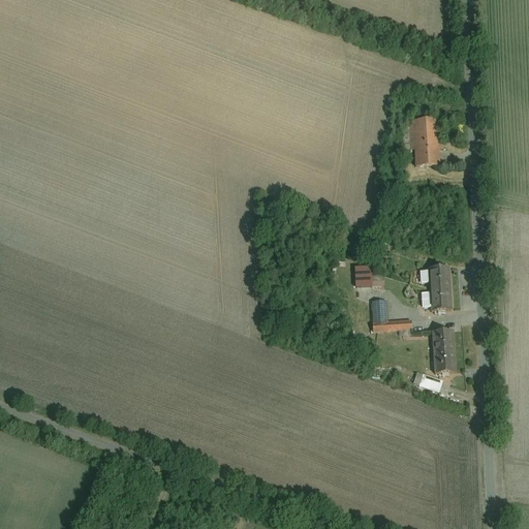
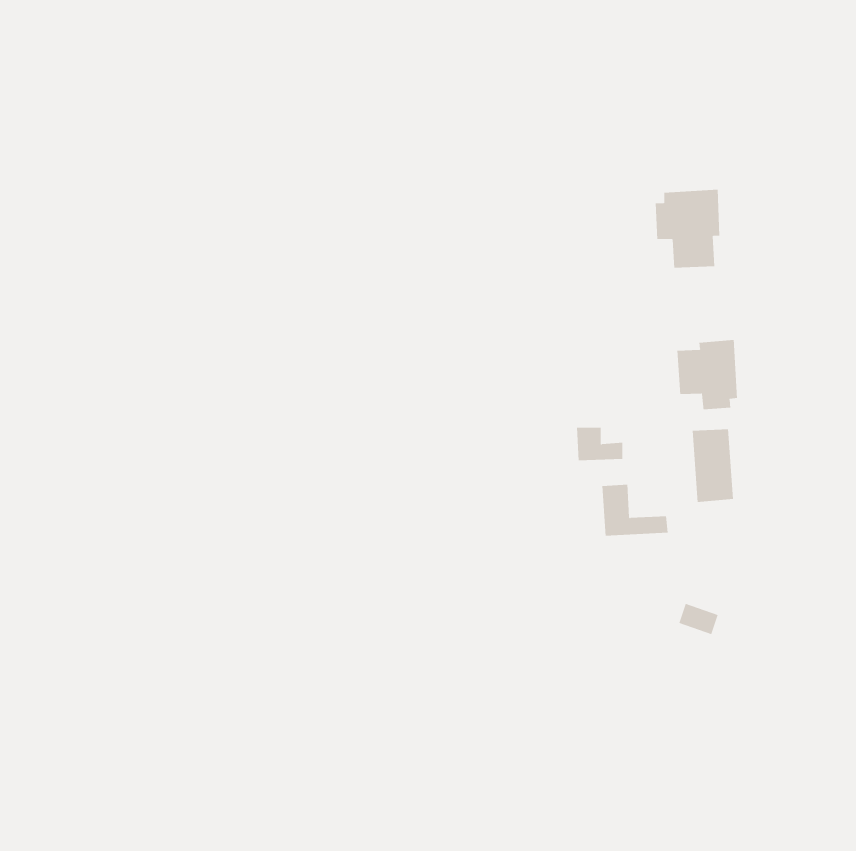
building: none -> [677,339,738,410]
building: [431,329,456,373] -> none

